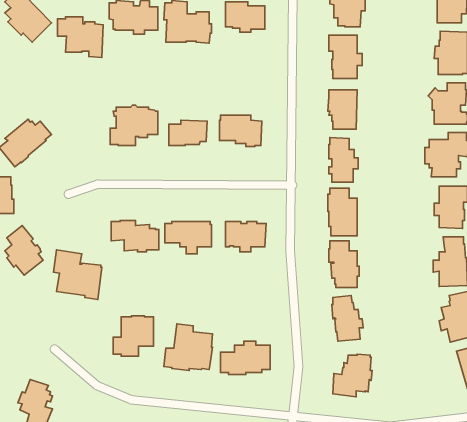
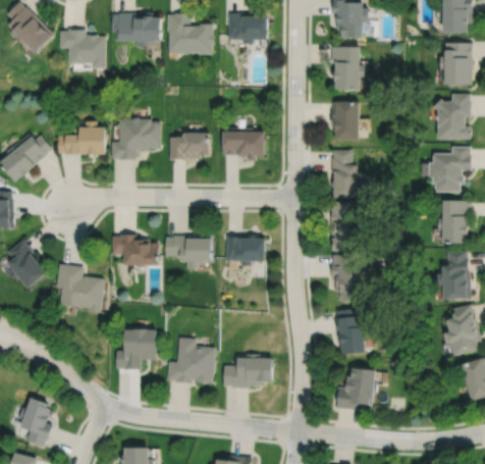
building: none -> [59,121,107,153]

